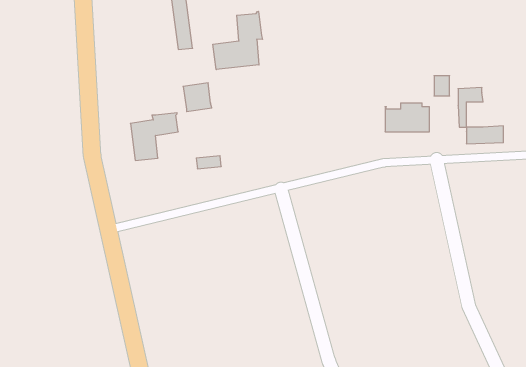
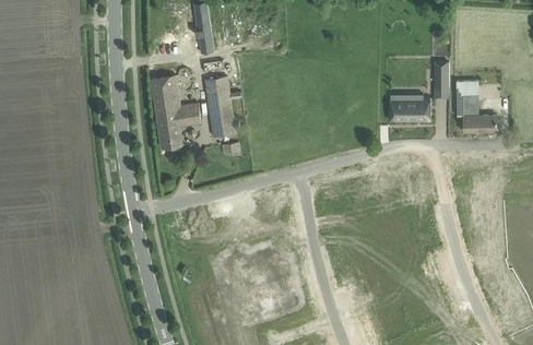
building: [213,11,262,70] -> none
building: none -> [151,75,179,114]
building: none -> [208,99,235,138]

